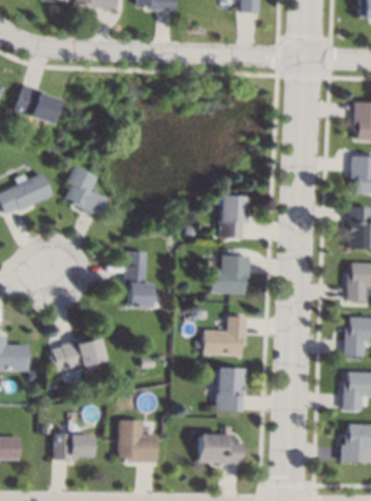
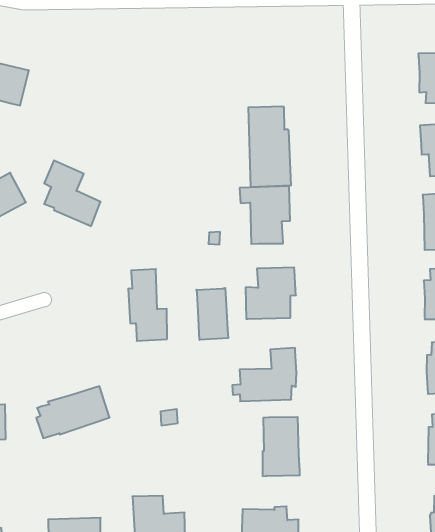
building: none -> [248,106,291,187]
building: none -> [196,288,228,340]

